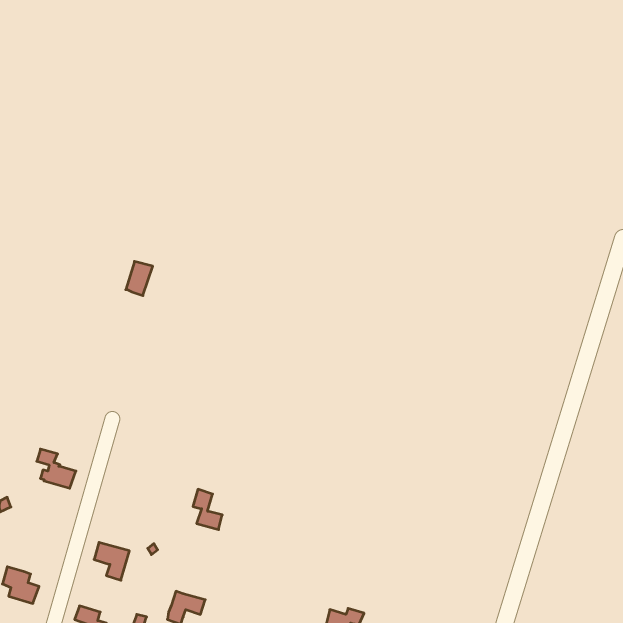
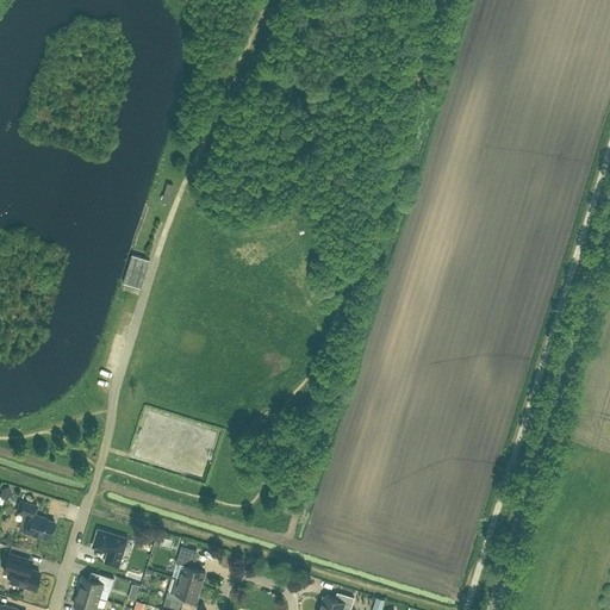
building: [37,449,76,488] -> [15,502,54,540]
building: [193,489,222,530] -> [175,547,204,586]
building: none -> [77,574,113,598]

